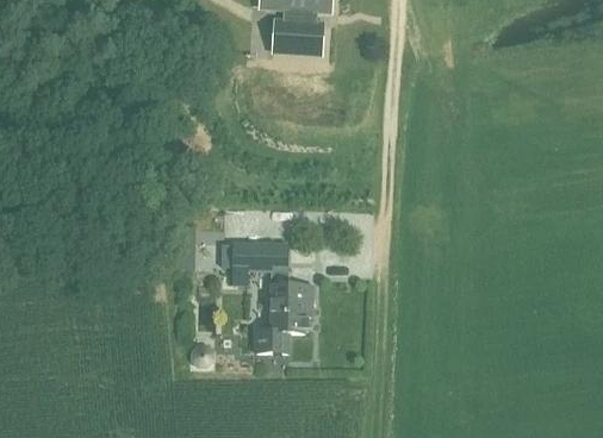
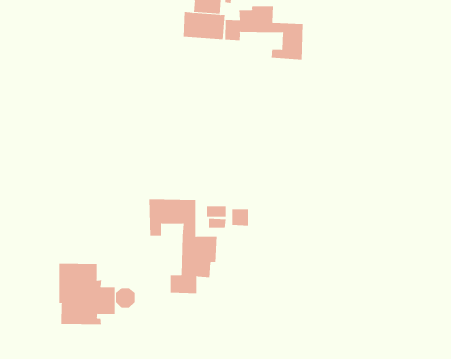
building: none -> [225,5,303,61]
building: none -> [59,263,115,325]

